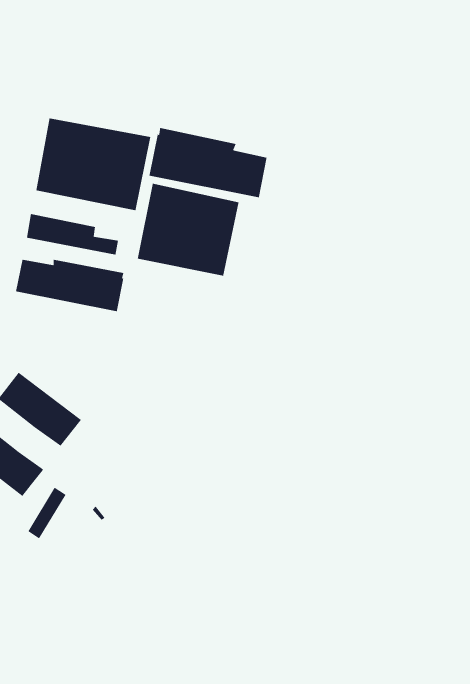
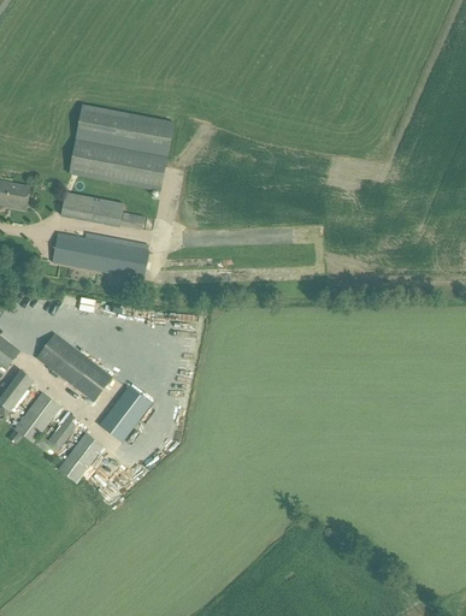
building: [149,127,267,198] -> none
building: [137,183,239,277] -> none
building: none -> [98,387,148,443]

